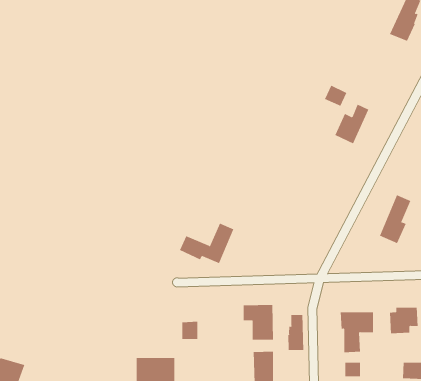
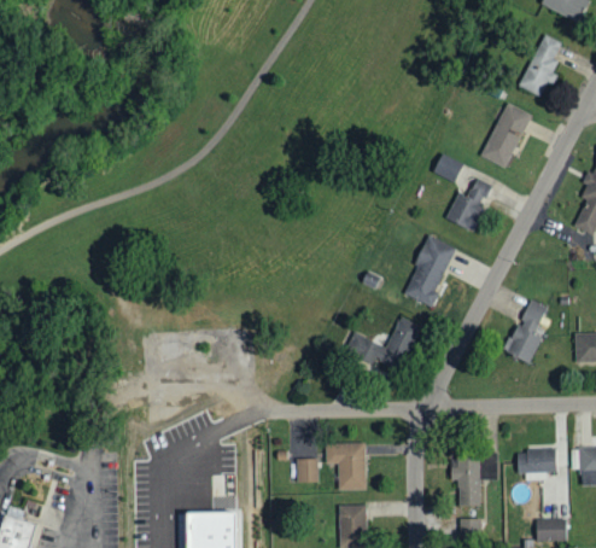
building: none -> [483,103,531,168]
building: none -> [404,235,456,307]
building: [179,223,234,264] -> [346,316,419,371]
building: [288,314,304,351] -> none
building: [182,321,198,340] -> [297,459,319,483]

